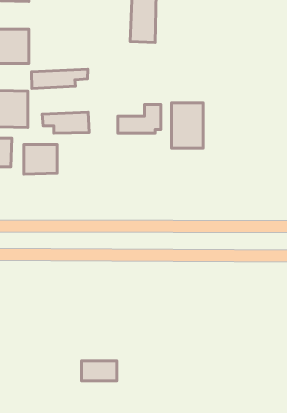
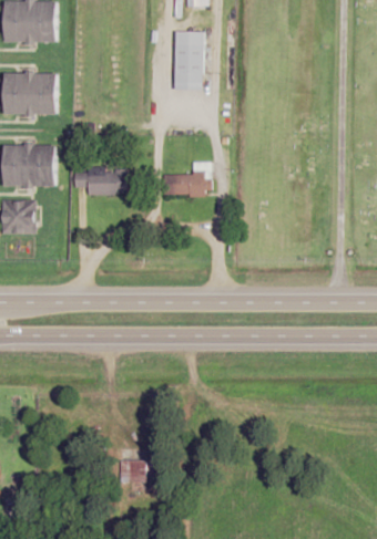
building: [31,69,88,88] -> none
building: [171,103,203,148] -> none
building: [24,144,57,174] -> none

